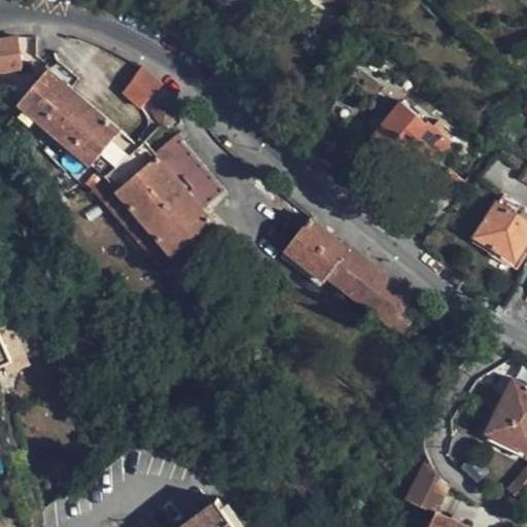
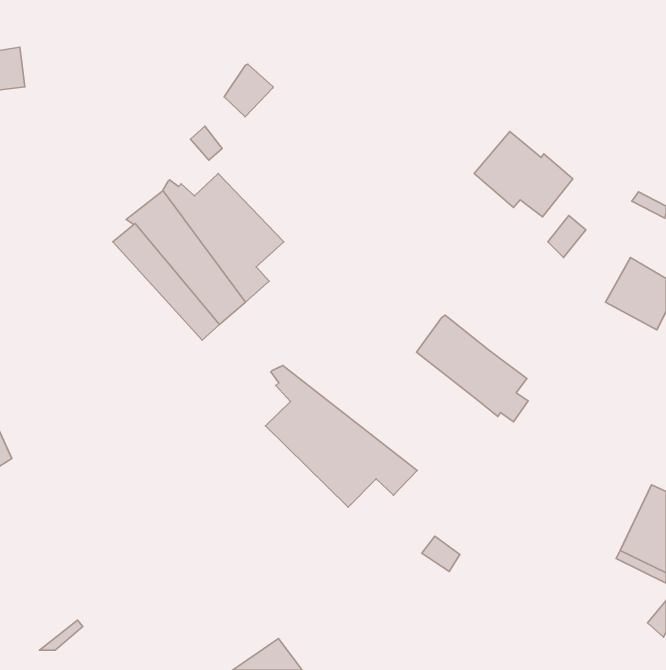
building: [121,67,160,108] -> [224,64,273,117]
building: [19,70,133,172] -> none
building: [284,218,346,281] -> none
building: none -> [265,365,417,507]
building: [401,464,448,513] -> none

